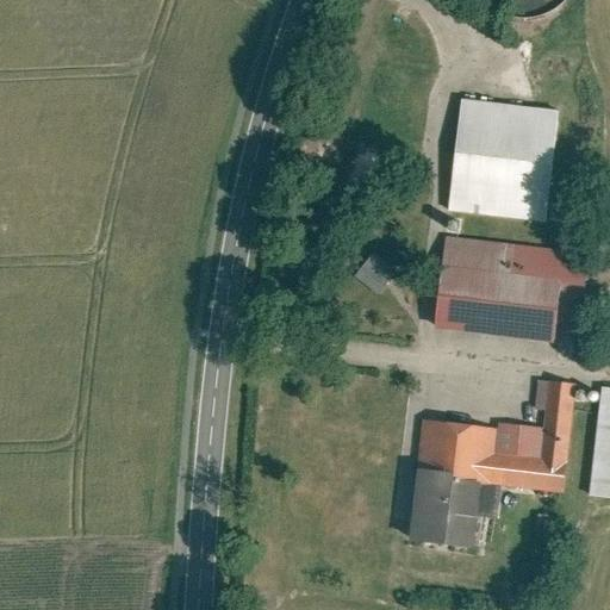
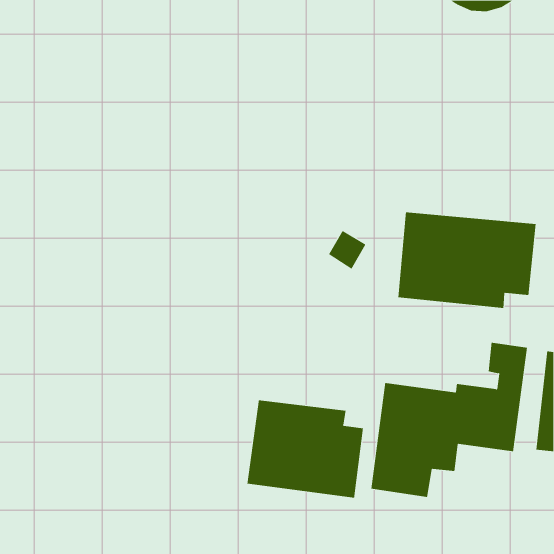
building: [448,99,559,218] -> none
building: none -> [247,399,363,499]

